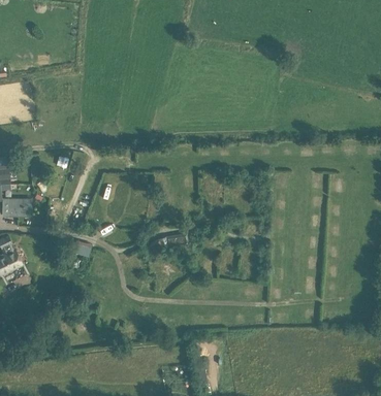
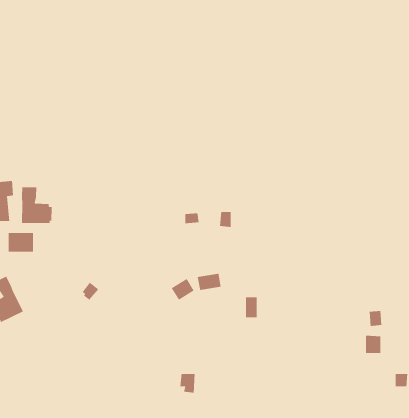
building: none -> [21,186,52,224]

